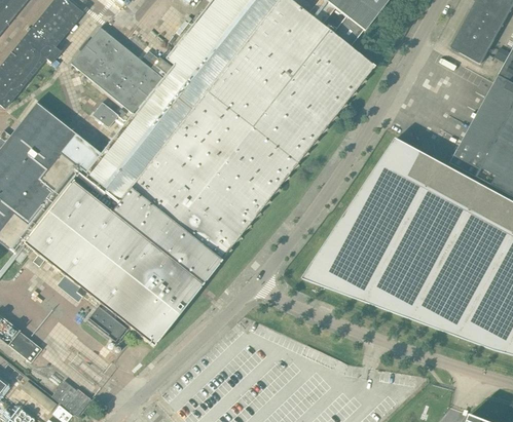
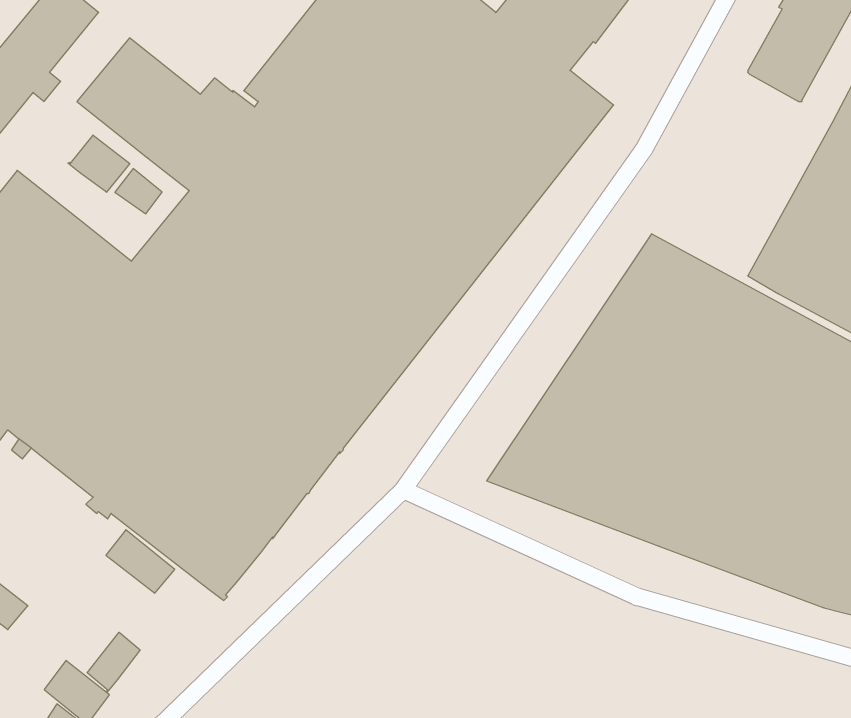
building: none -> [68,135,130,192]
building: none -> [87,632,140,692]

